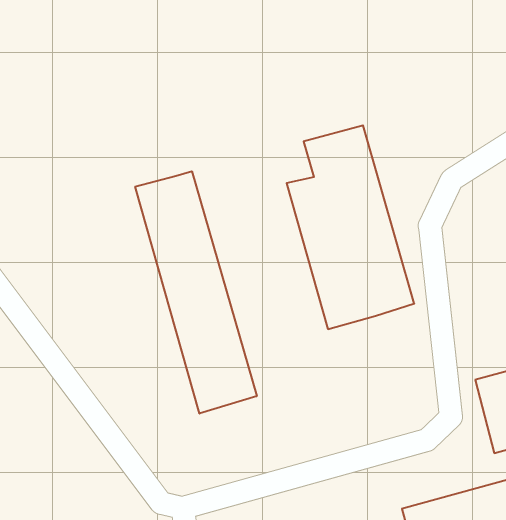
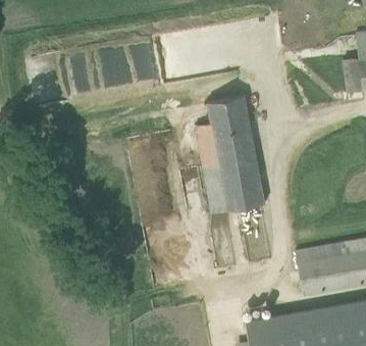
building: [135,171,257,414] -> none

